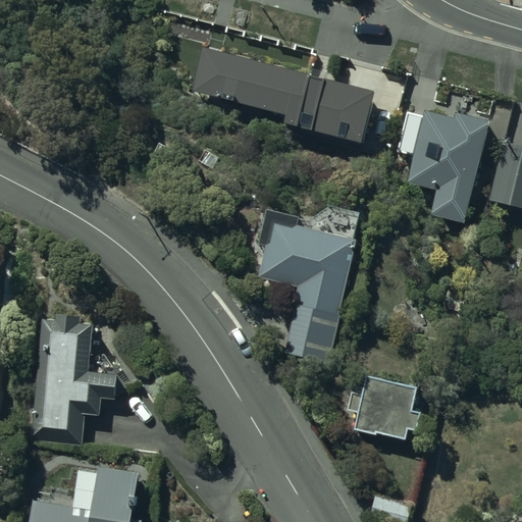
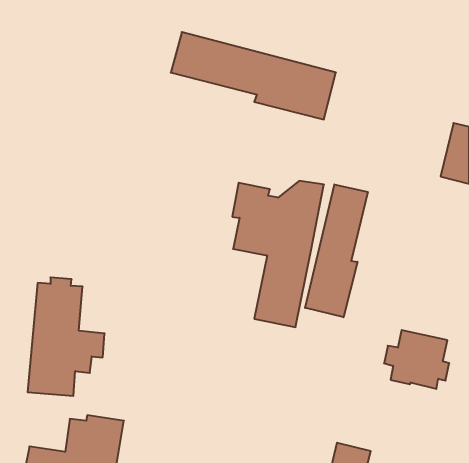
building: [399,108,487,223] -> none
building: none -> [305,184,368,317]
building: [347,378,419,443] -> [384,330,449,389]

